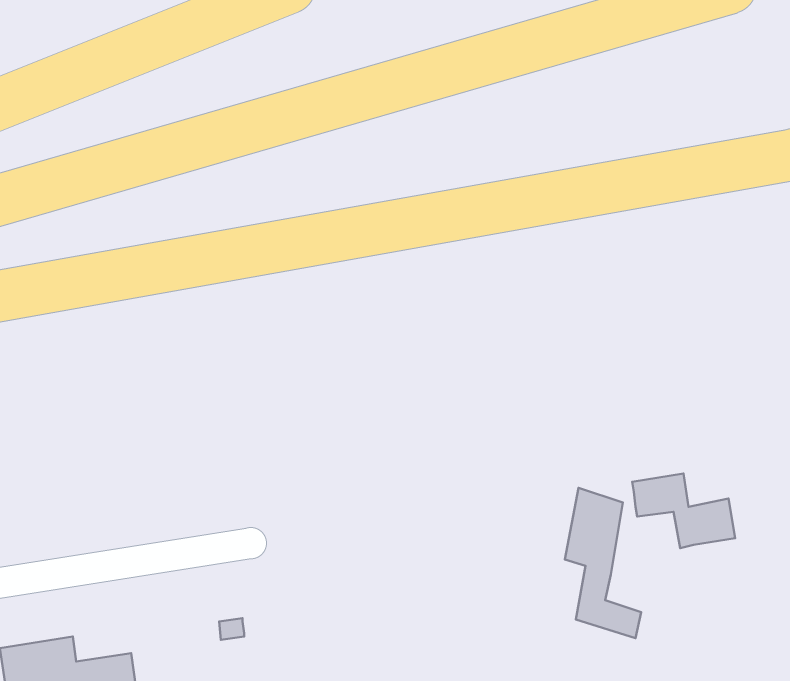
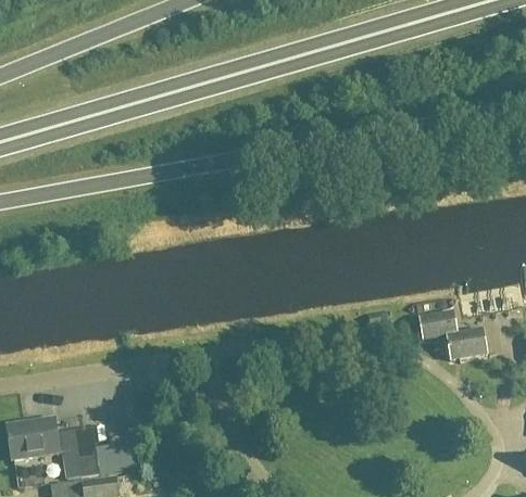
building: [565,488,641,638] -> none

